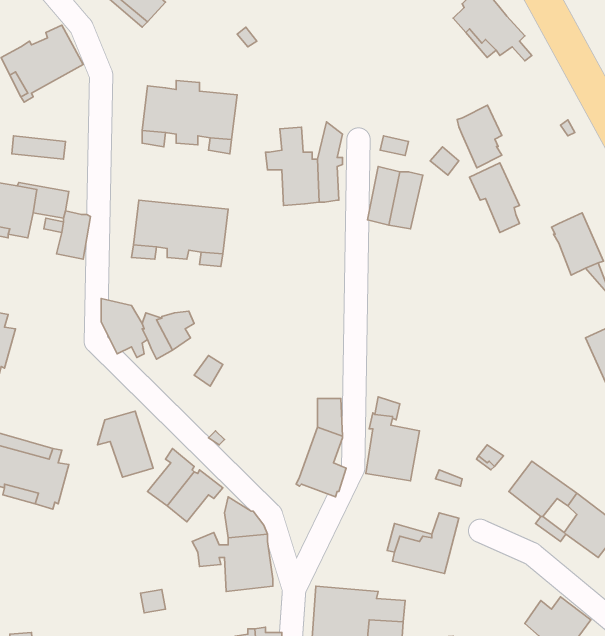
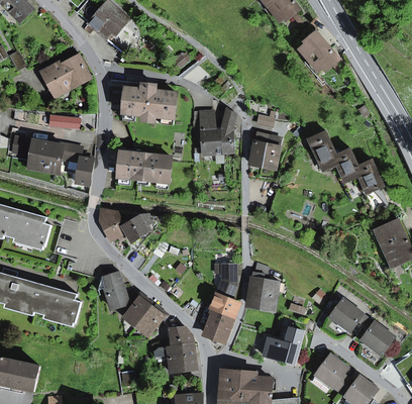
building: [457,105,502,168] -> [332,147,357,183]
building: none -> [199,306,231,340]
building: none -> [310,355,347,391]

